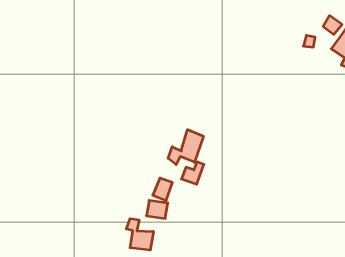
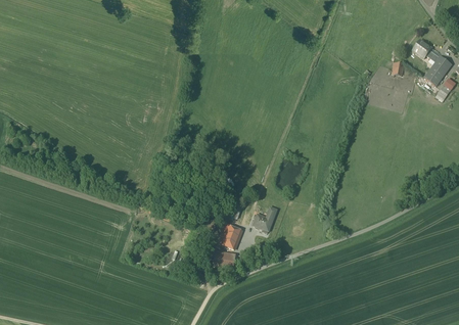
building: [168,130,203,165] -> none
building: [126,219,153,250] -> none

